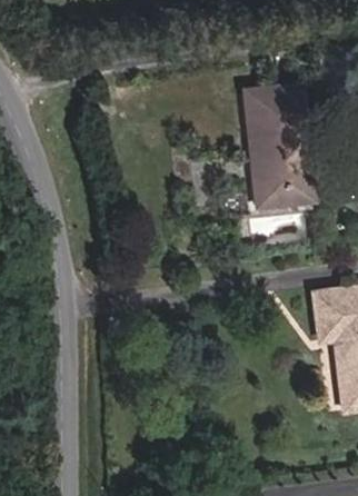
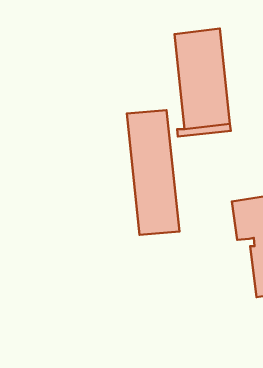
building: none -> [127,110,179,235]

